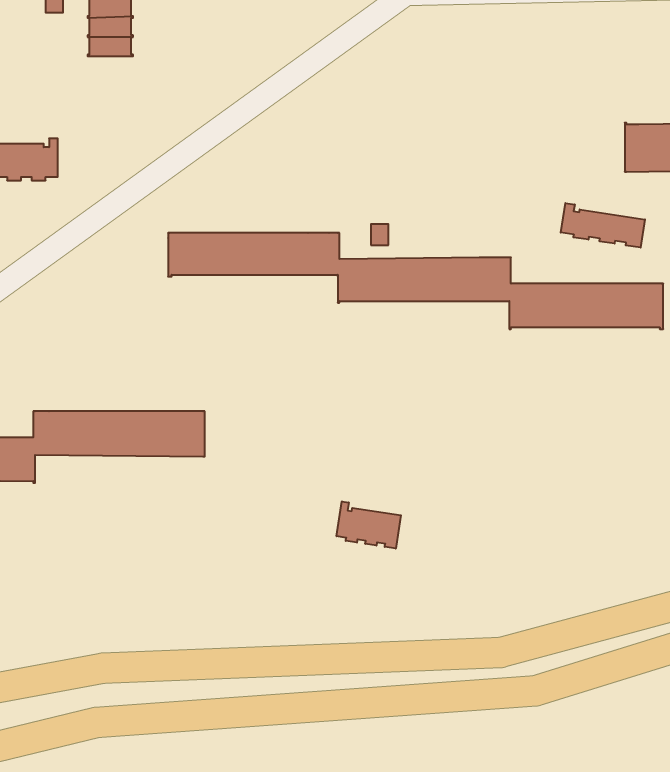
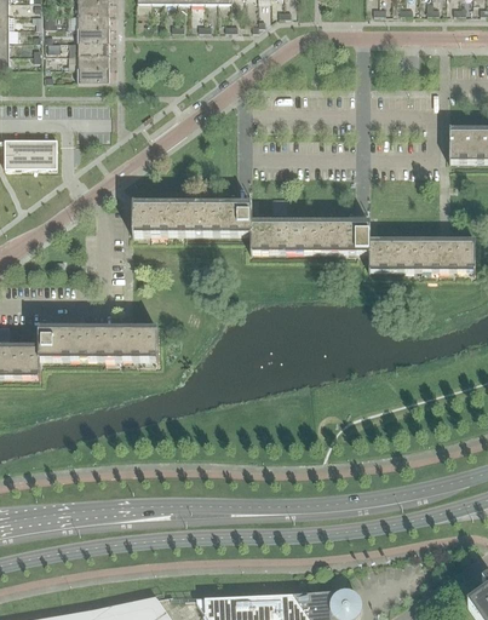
building: [561,203,645,248] -> none
building: [337,501,401,549] -> none

